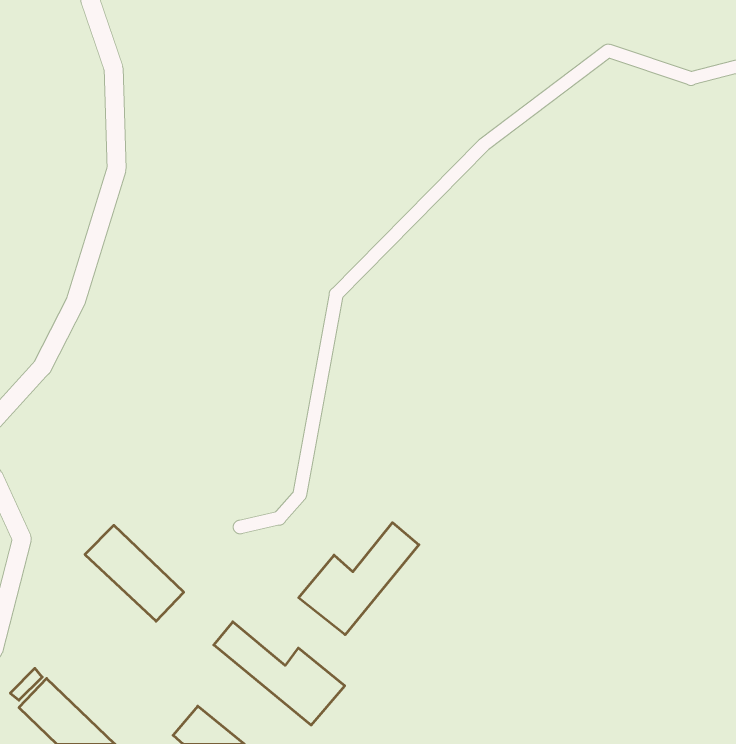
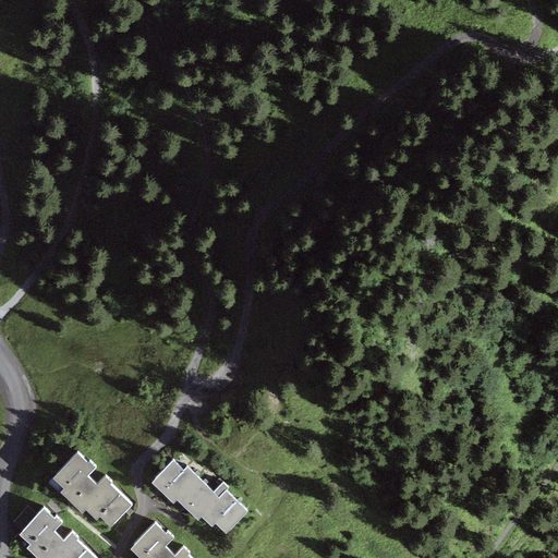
building: [299,523,419,635] -> none
building: [85,525,184,621] -> [52,459,126,531]

